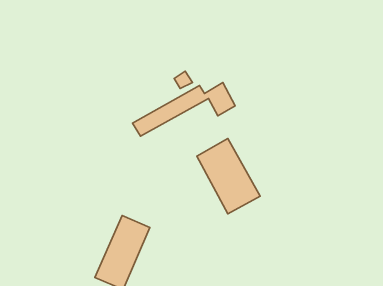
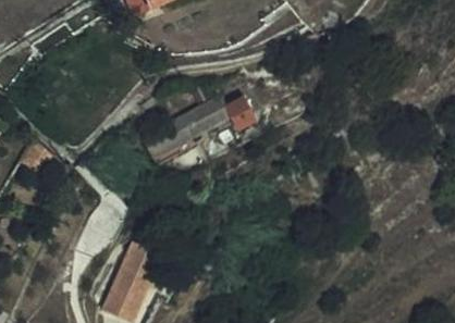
building: [197,139,260,214] -> none

